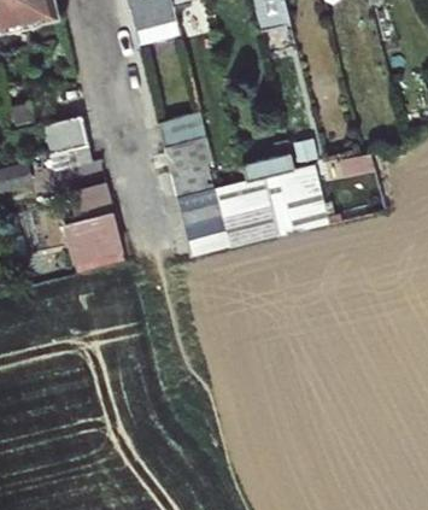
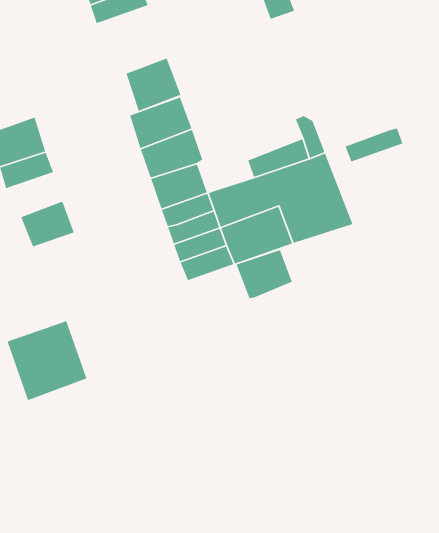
building: none -> [125,57,181,112]
building: [63,212,124,274] -> [6,320,88,401]
building: none -> [235,249,293,299]

